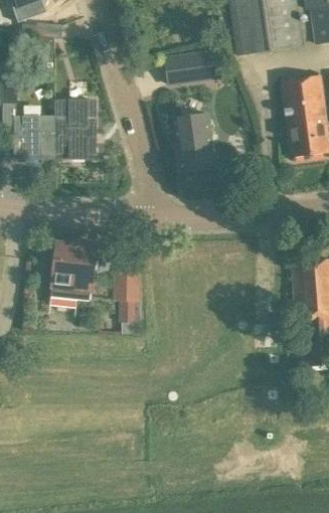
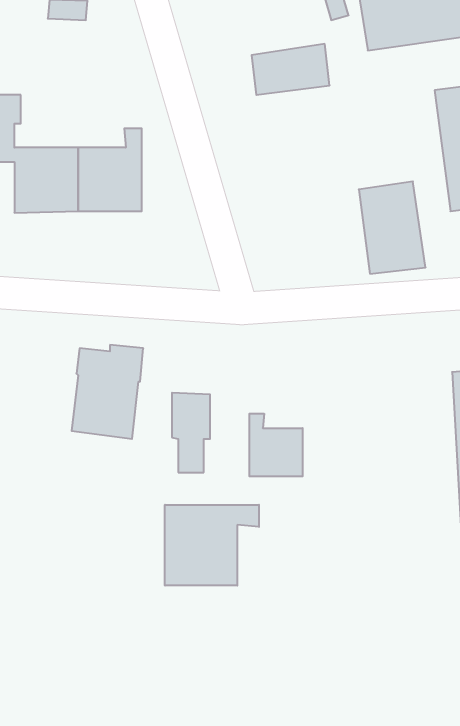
building: [173,112,215,170] -> [359,181,426,274]
building: none -> [249,414,303,476]
building: none -> [165,505,259,586]

